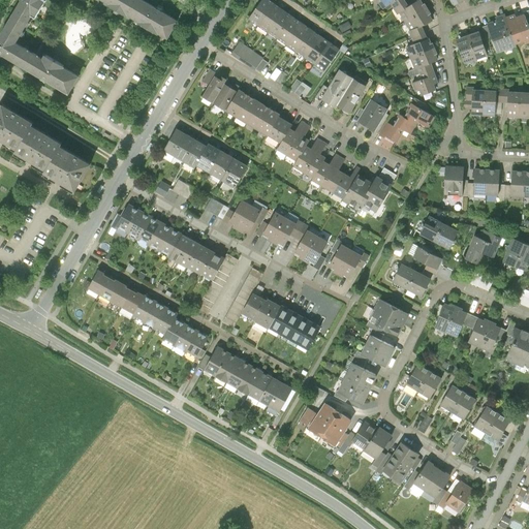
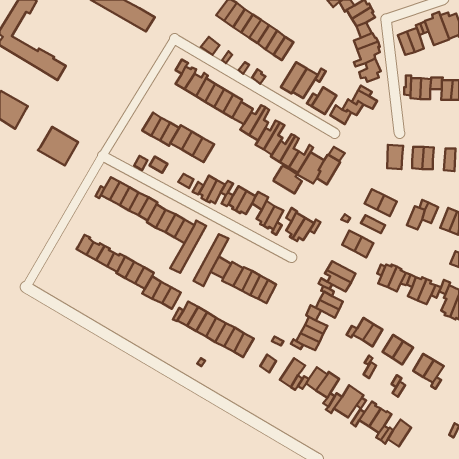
building: [15,125,61,168] -> none
building: none -> [273,166,302,194]
building: [309,403,338,436] -> none

